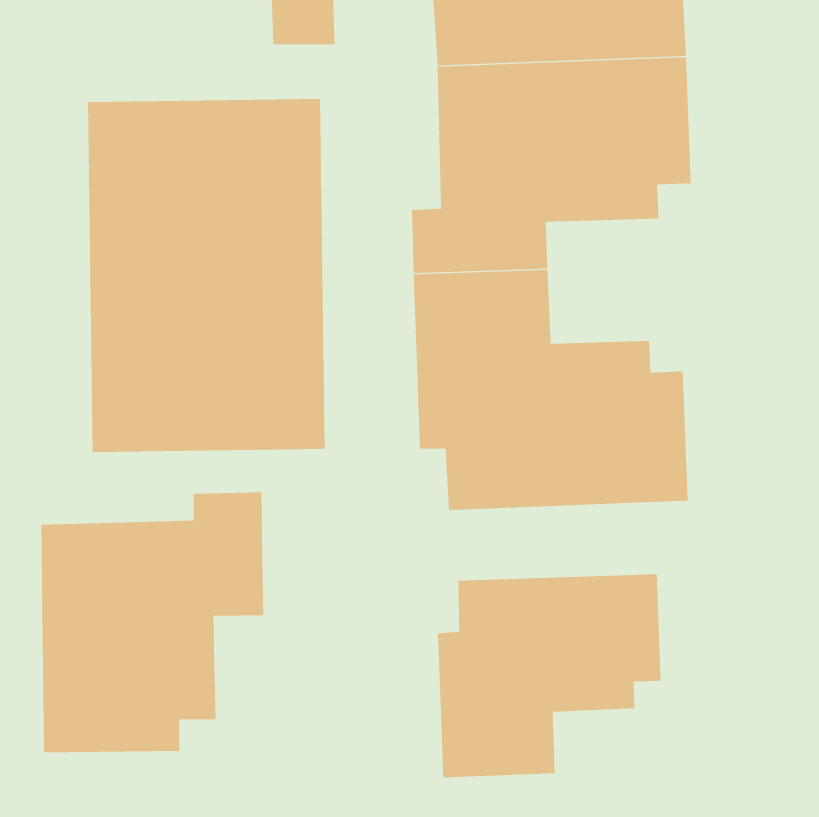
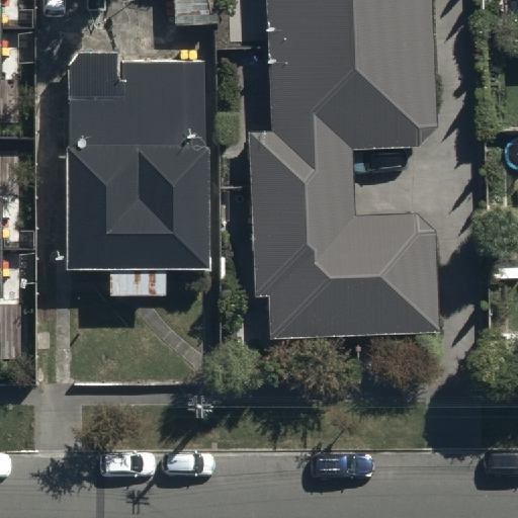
building: [40,492,264,753] -> none
building: [437,574,661,778] -> none

